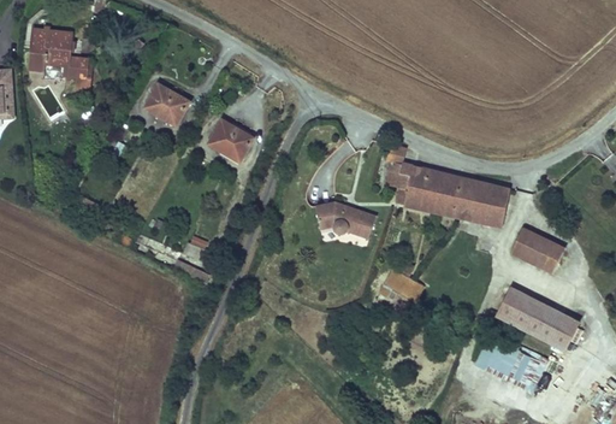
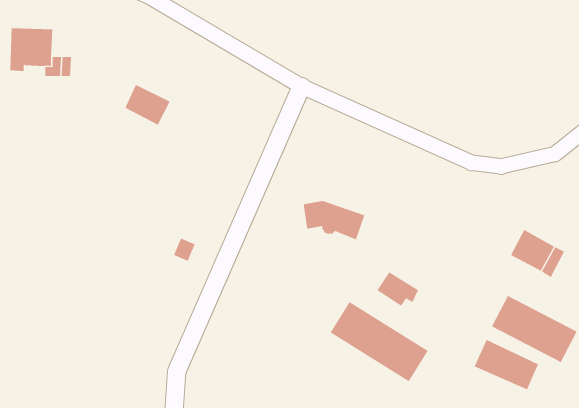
building: [209,124,253,163] -> none
building: [385,141,510,225] -> none
building: none -> [330,301,428,382]

